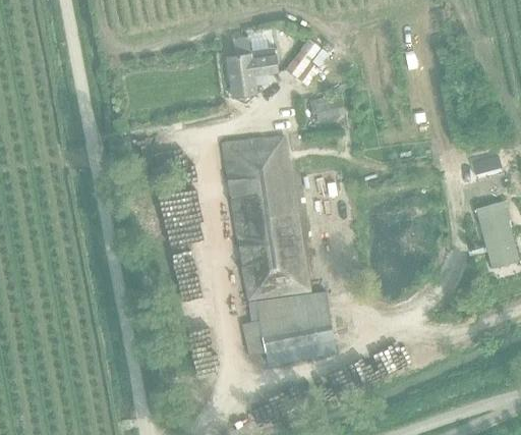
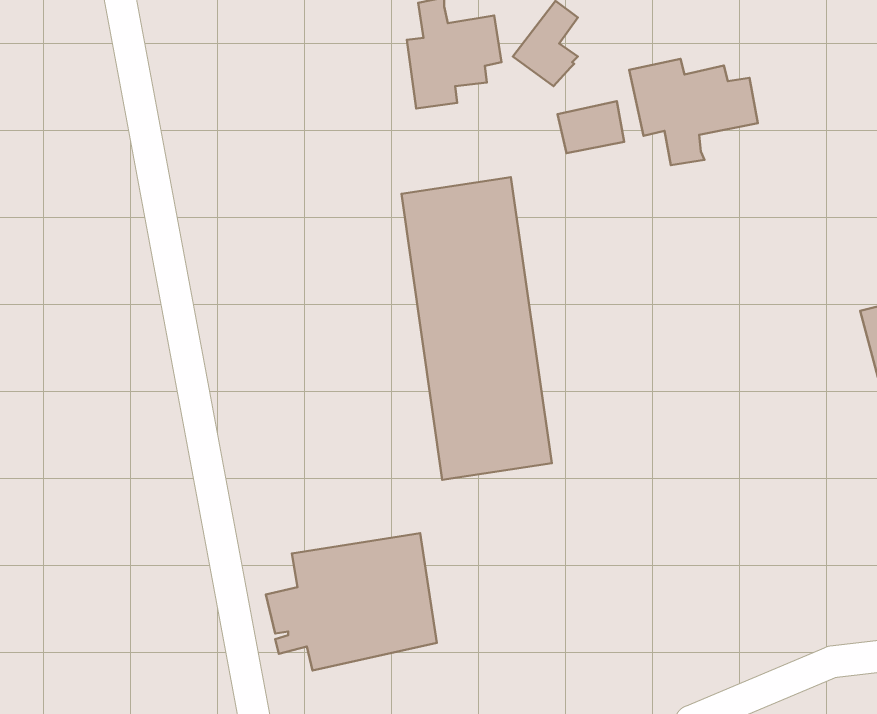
building: none -> [629,59,758,165]
building: [242,289,336,365] -> [266,533,437,671]

